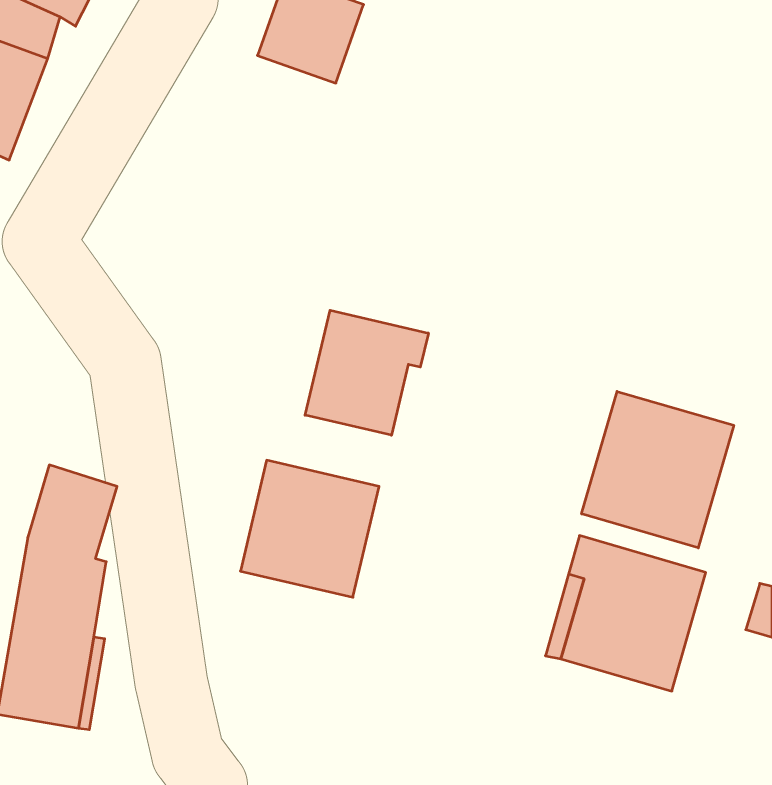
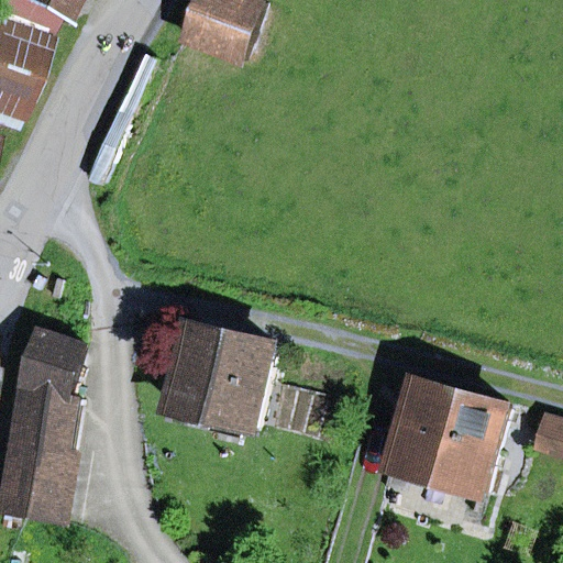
building: [305,310,428,435] -> none
building: [582,391,734,548] -> none

